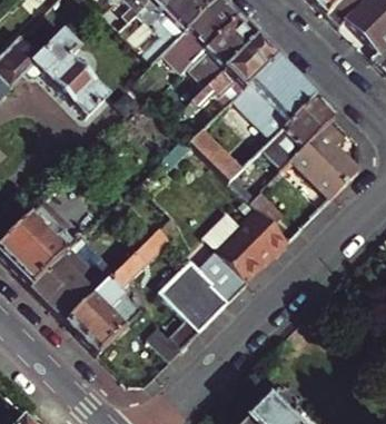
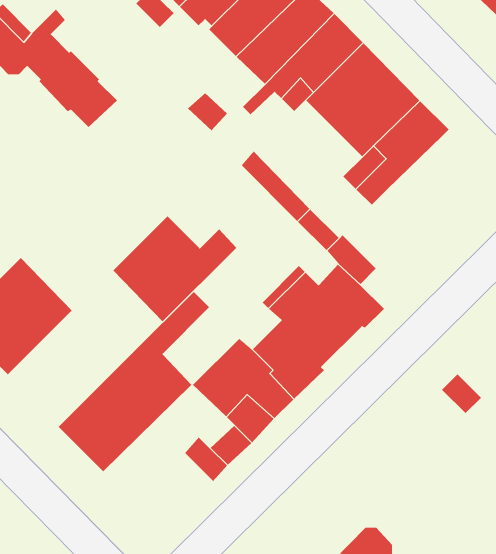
building: [294,119,362,195] -> none
building: [32,246,118,319] -> [112,216,237,322]

